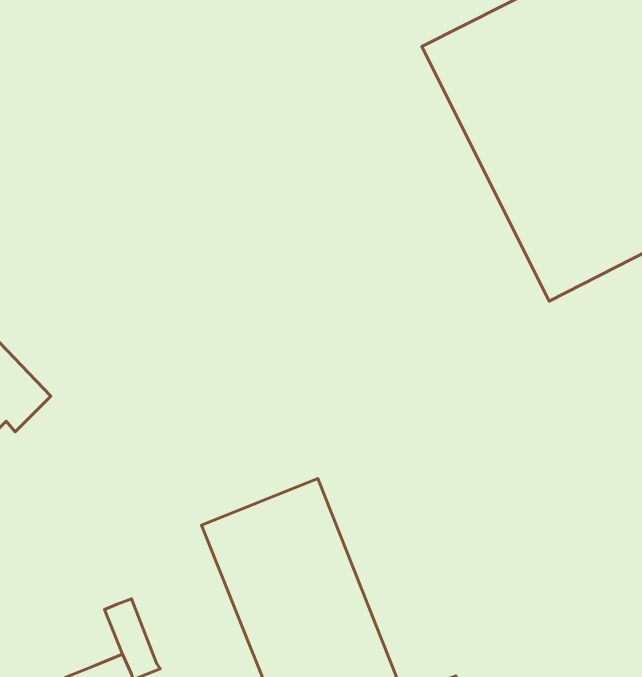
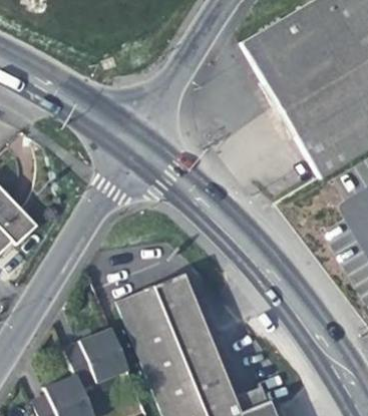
building: none -> [79,327,128,382]

